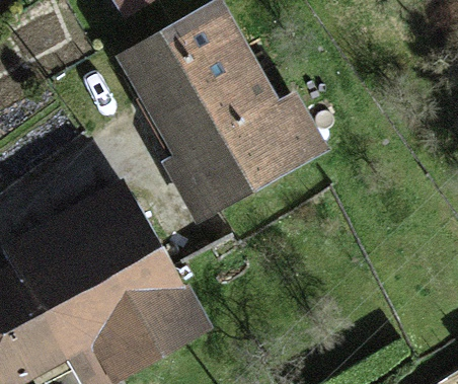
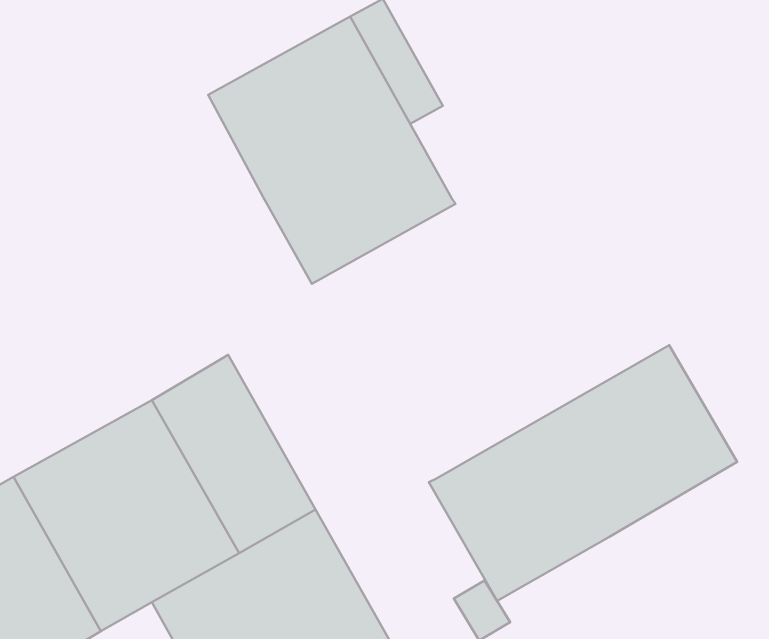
building: [178,93,319,211] -> none
building: none -> [429,345,737,601]

